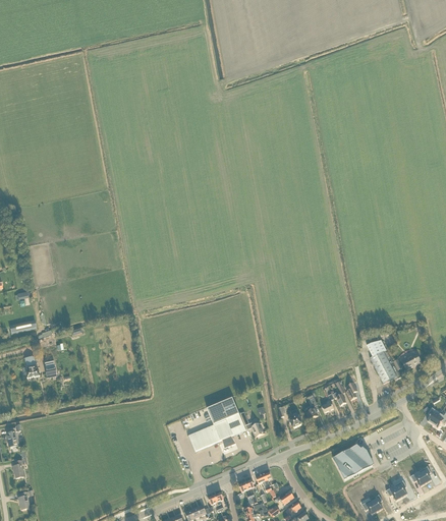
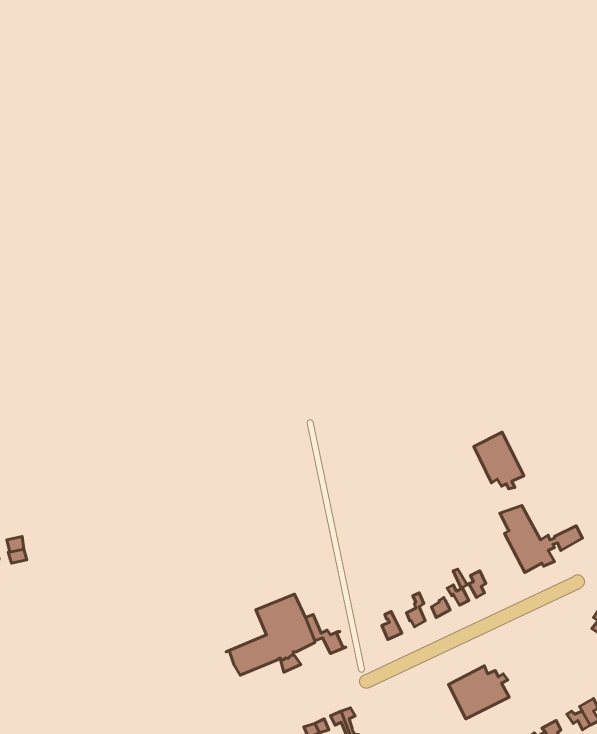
building: none -> [474,432,524,489]

